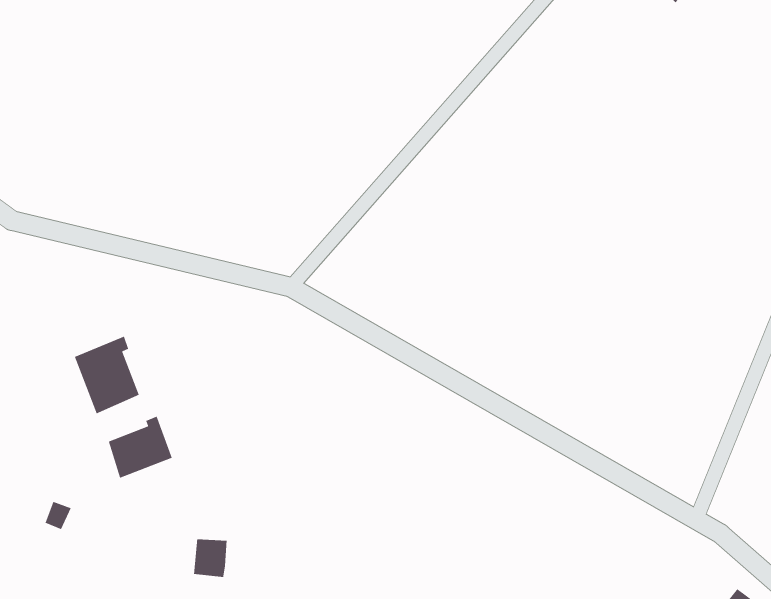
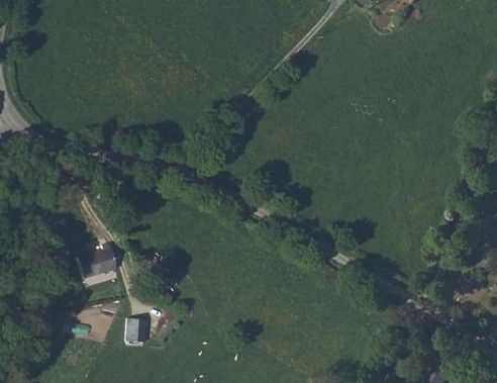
building: [74,336,140,415] -> none

